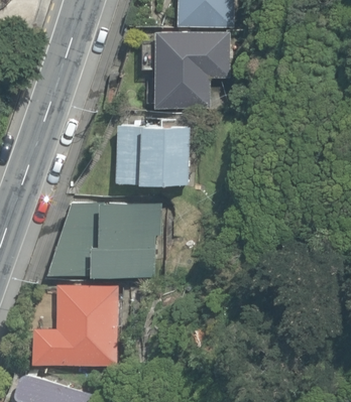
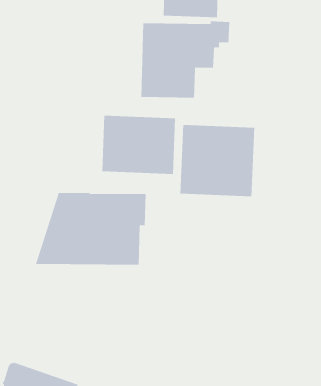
building: none -> [180,124,255,197]
building: [33,284,122,367] -> none

